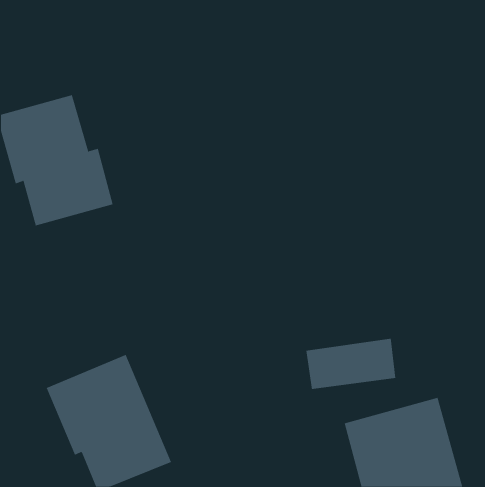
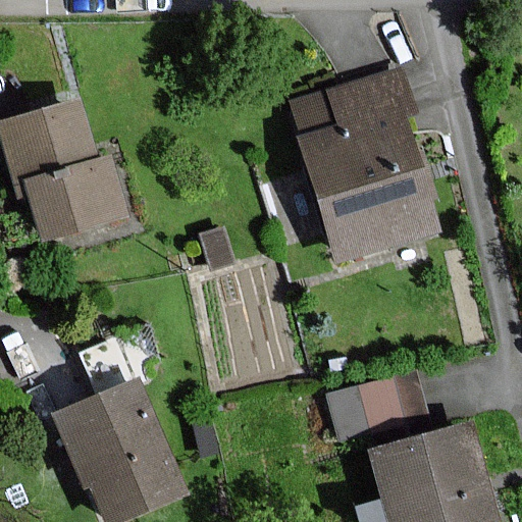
building: none -> [294,69,437,262]

